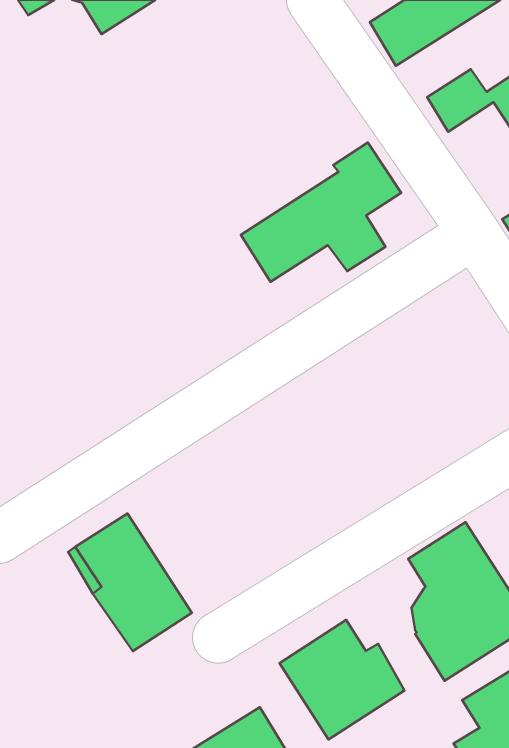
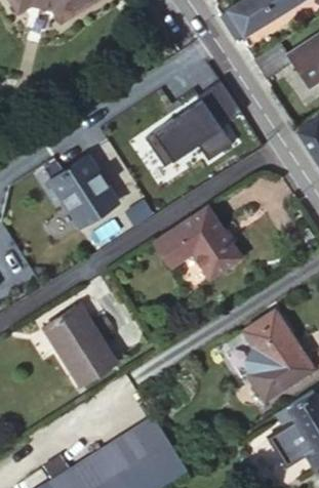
building: none -> [45,156,119,227]
building: none -> [156,207,240,277]
building: [280,620,405,739] -> none

